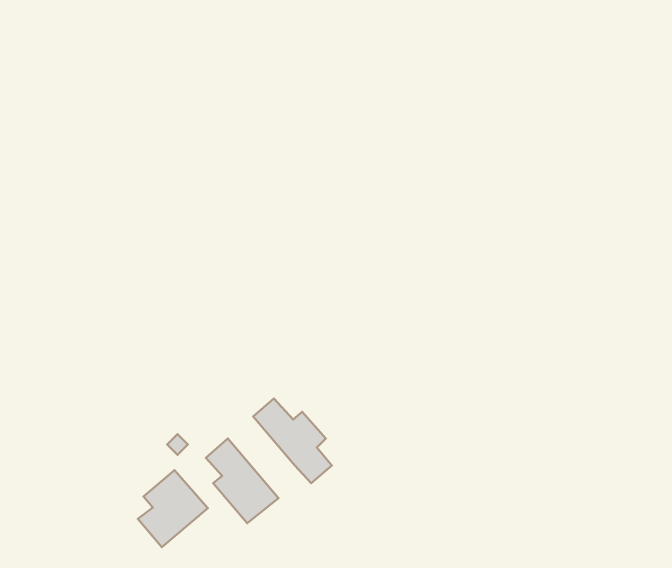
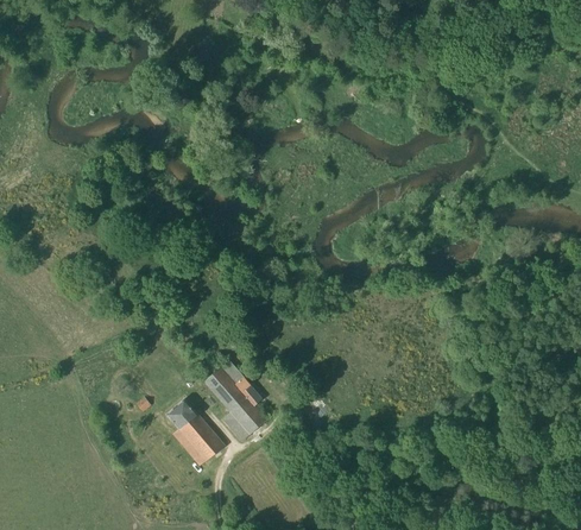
building: [138,470,208,547] -> none

